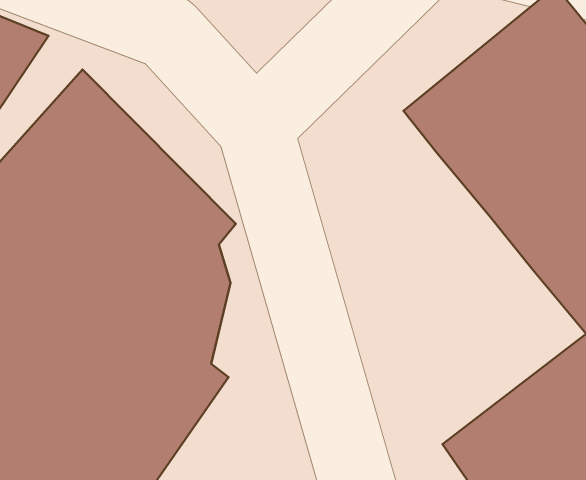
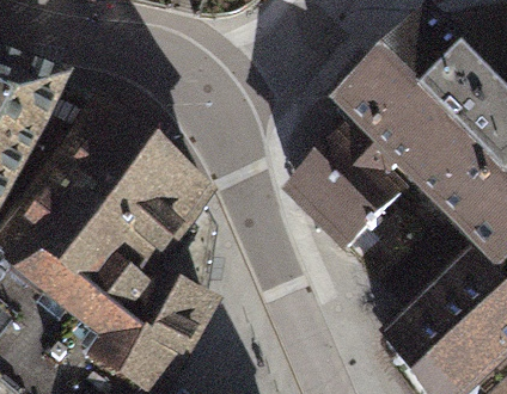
building: none -> [282,119,411,247]

